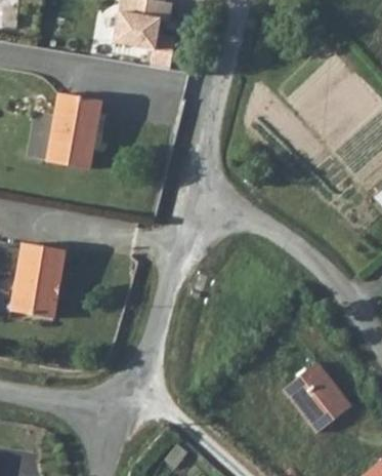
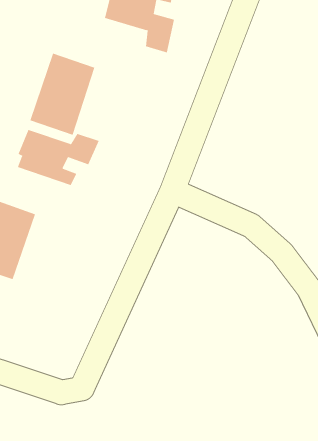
building: none -> [17,129,100,186]
building: [285,363,353,433] -> none

